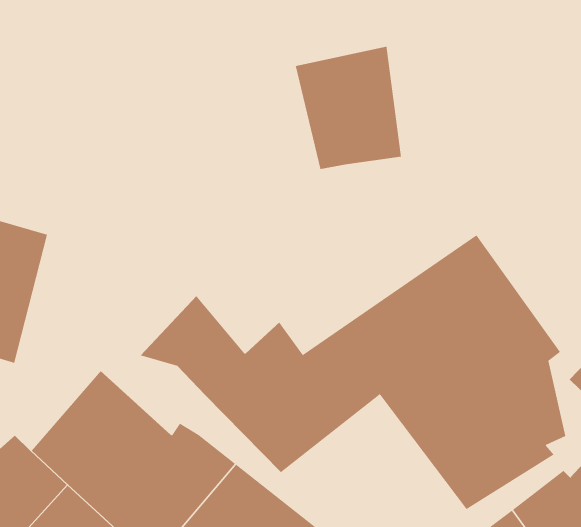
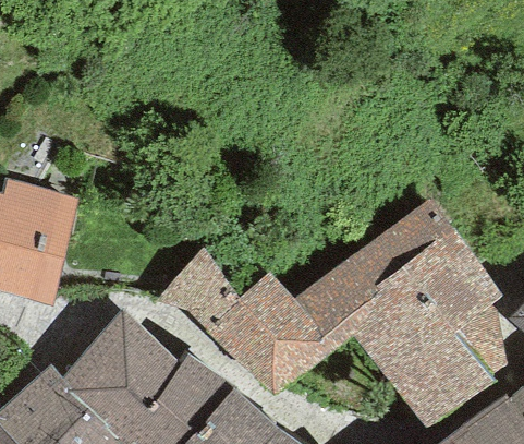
building: [295,46,401,170] -> none

